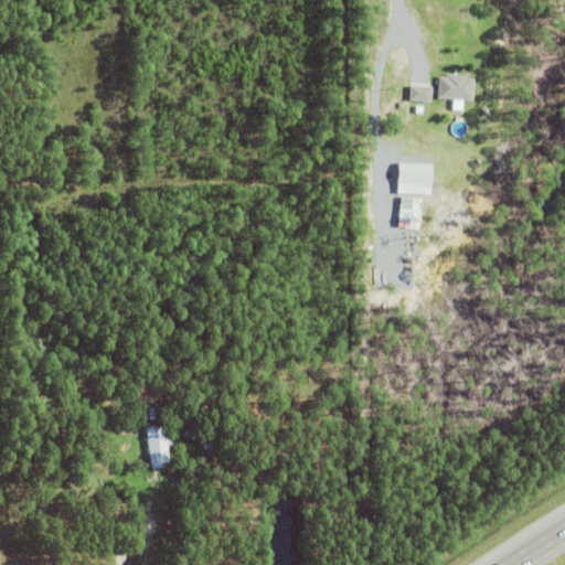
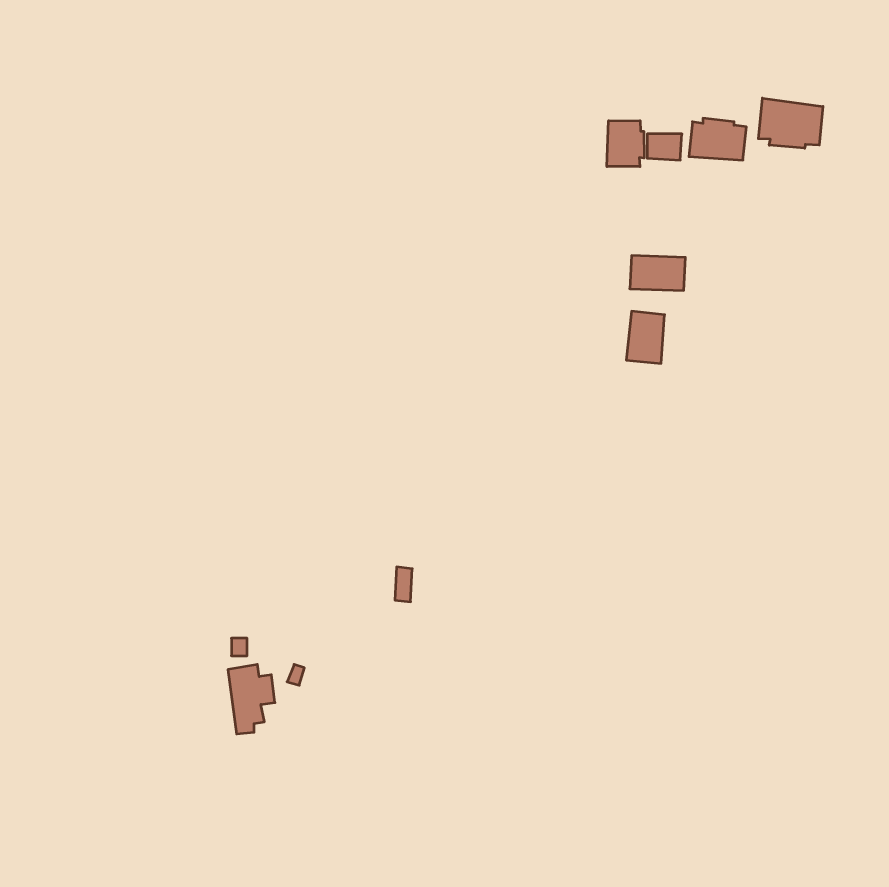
building: none -> [758,98,823,148]
building: none -> [607,121,644,167]

